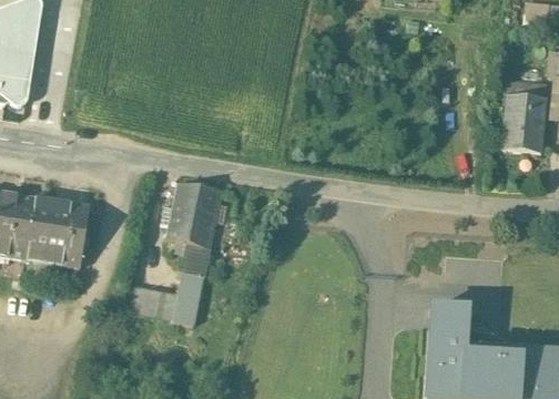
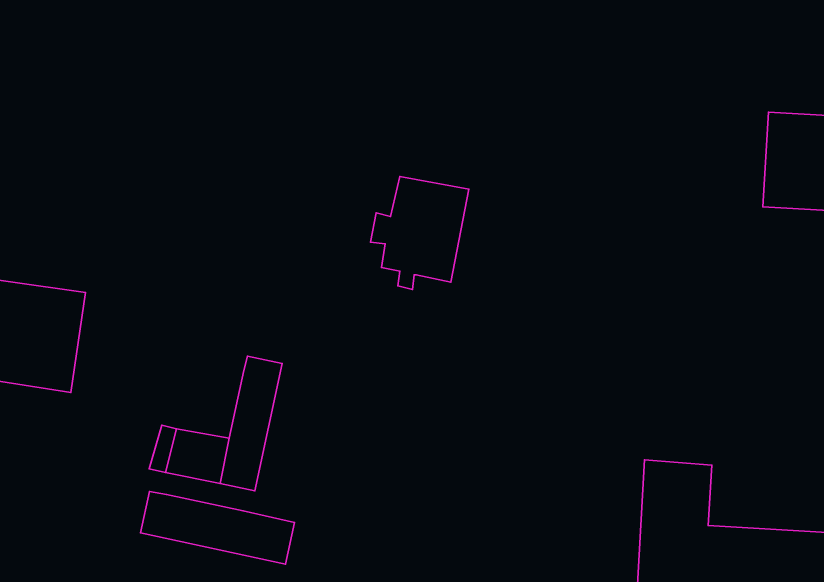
building: [161,182,221,250] -> [371,177,469,289]
building: none -> [140,491,295,564]

